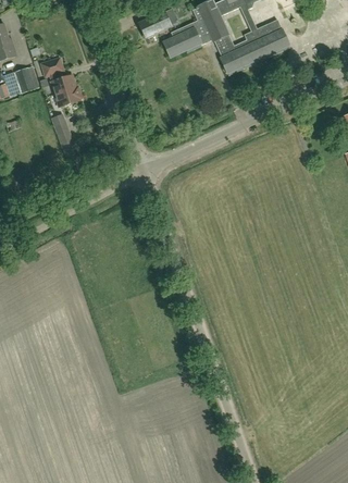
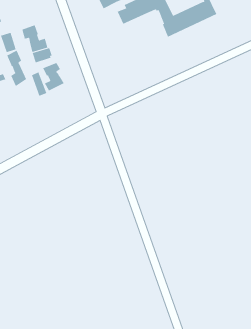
building: none -> [7,50,27,88]
building: none -> [43,62,64,92]

